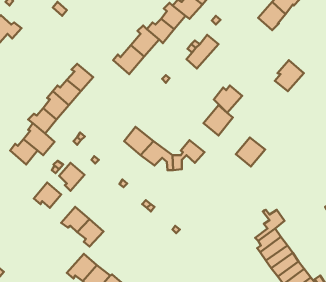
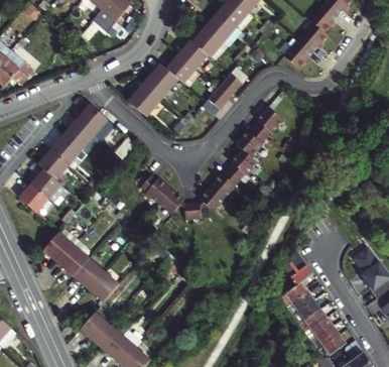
building: [275,60,304,91] -> [253,106,284,139]
building: [236,137,265,167] -> [210,168,241,200]
building: [59,163,85,191] -> [60,245,88,275]

